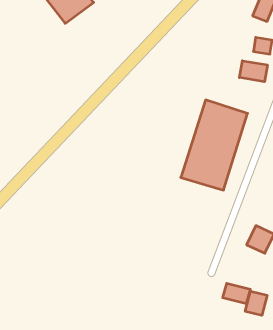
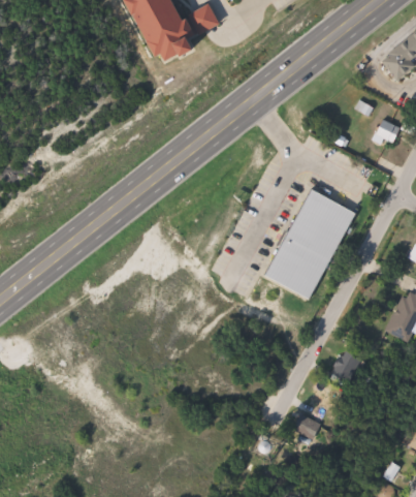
building: [239,61,267,82] -> none
building: [245,291,267,315] -> none

